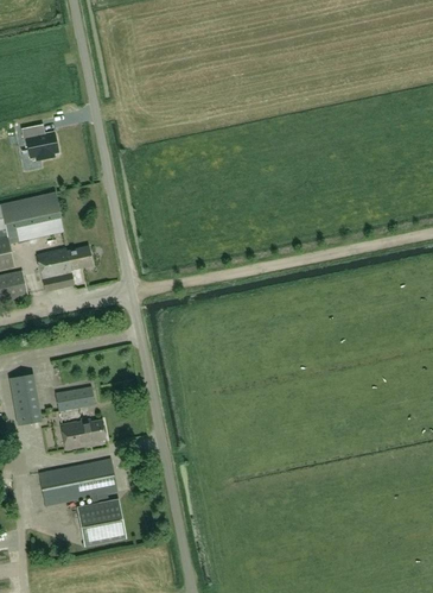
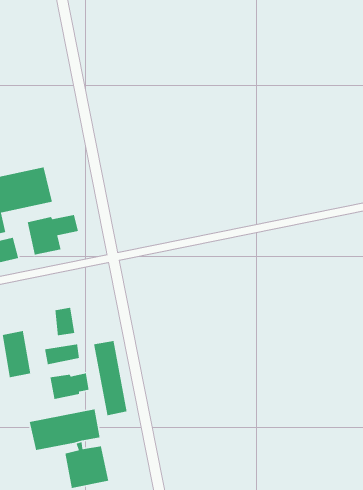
building: [24,121,62,156] -> none
building: none -> [54,307,75,336]
building: none -> [93,340,128,416]

